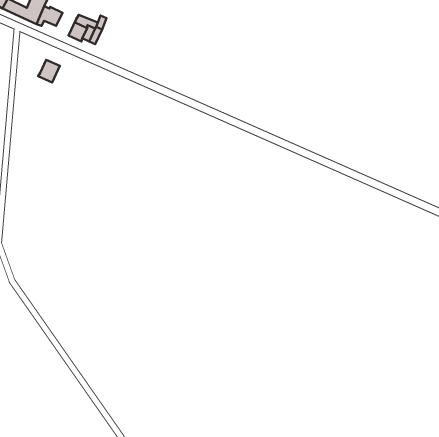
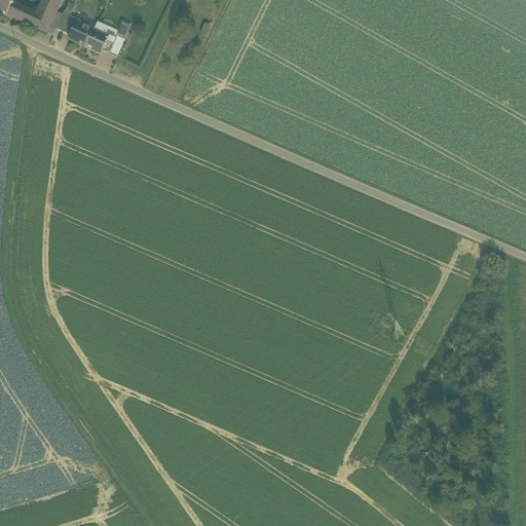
building: [38,60,60,82] -> [65,15,90,42]

